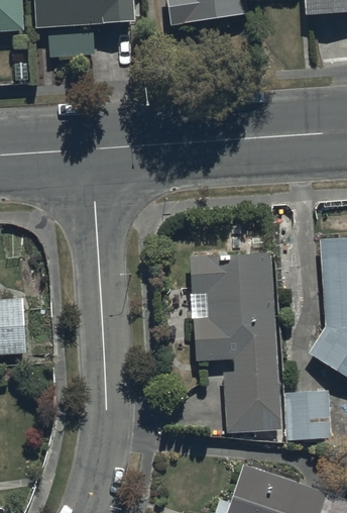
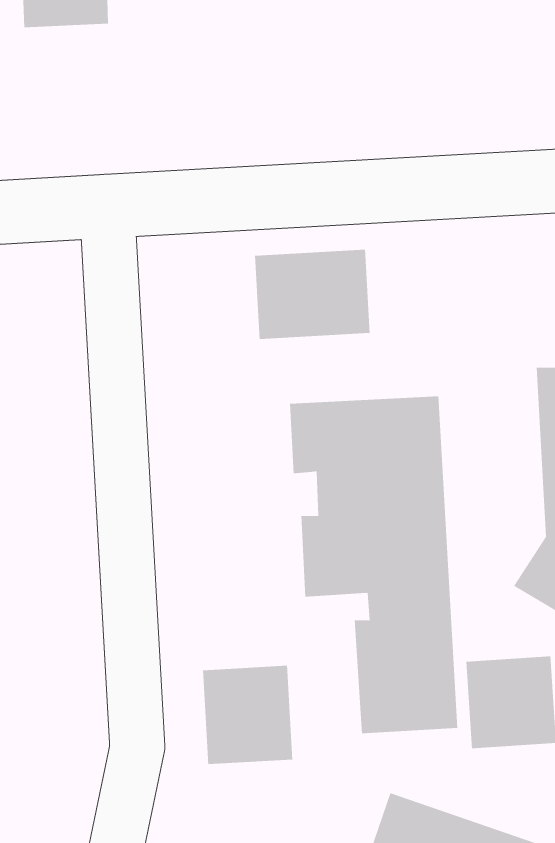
building: none -> [254,249,370,340]
building: none -> [202,665,293,765]

